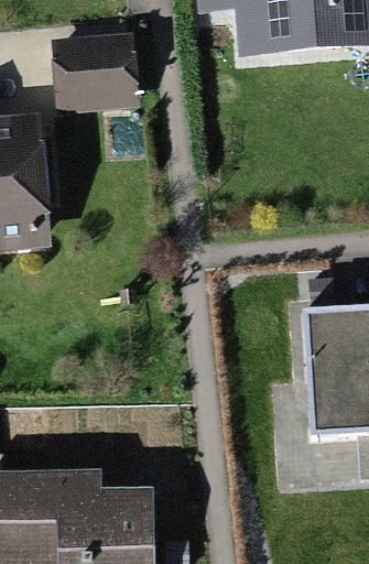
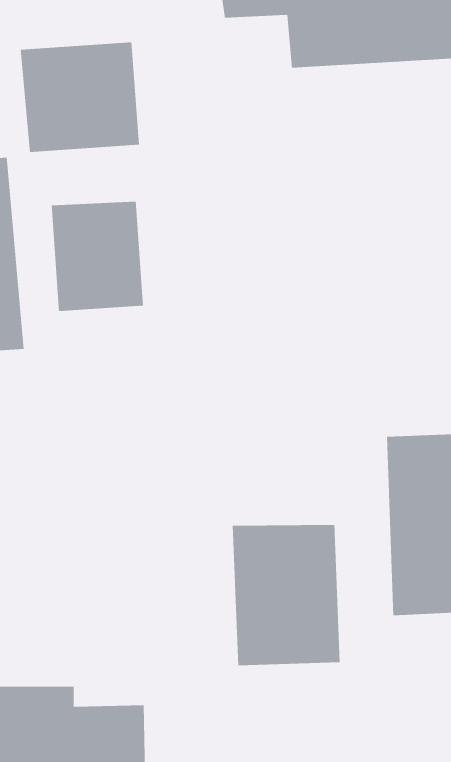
building: none -> [51,201,144,312]
building: none -> [232,524,340,666]

